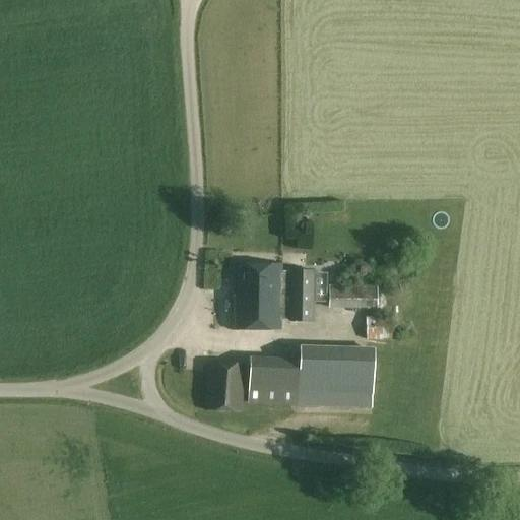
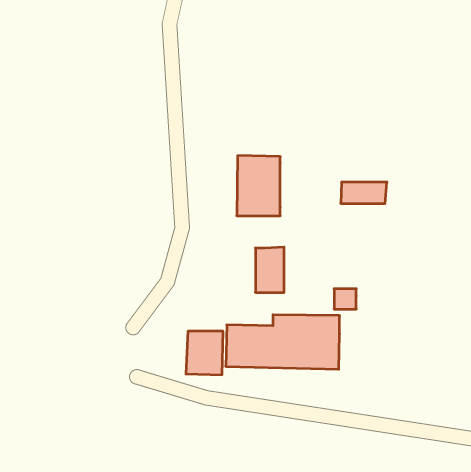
building: [235,264,282,330] -> [237,156,280,216]
building: [330,285,381,309] -> [341,182,387,203]

